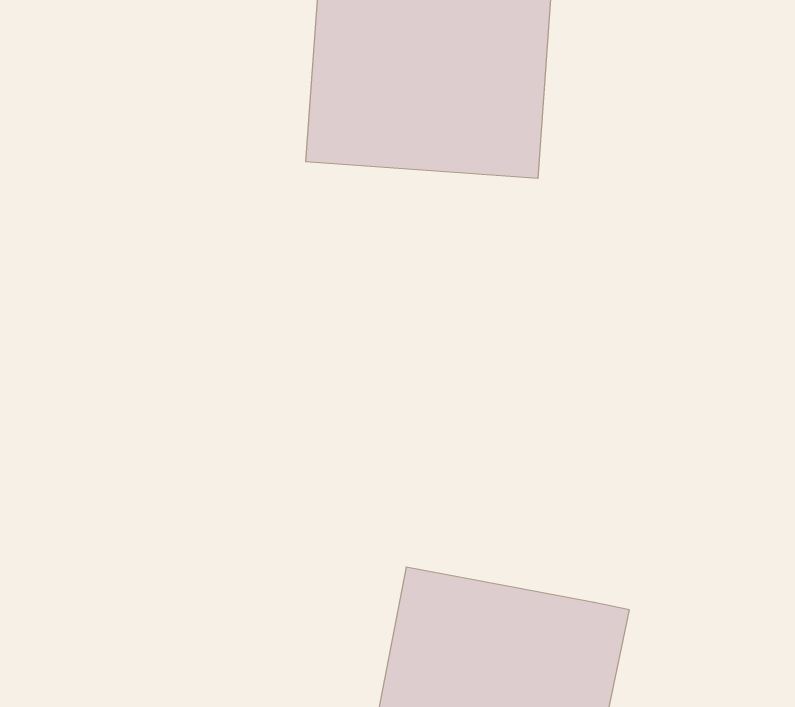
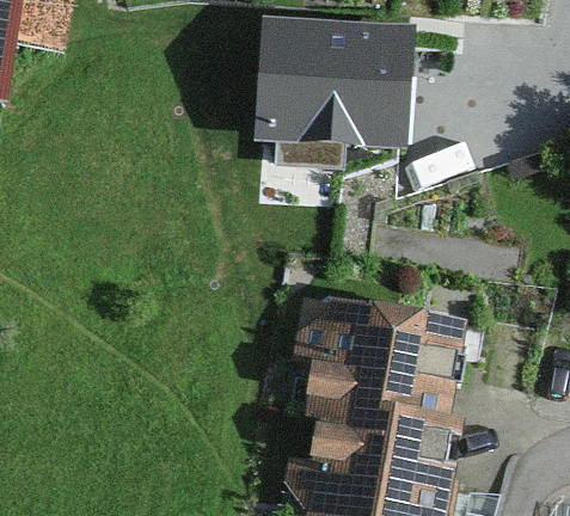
building: none -> [301,300,456,423]

